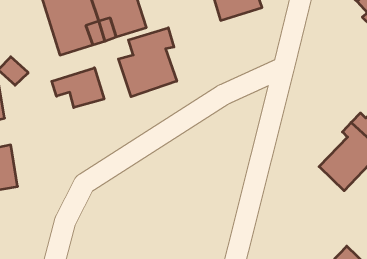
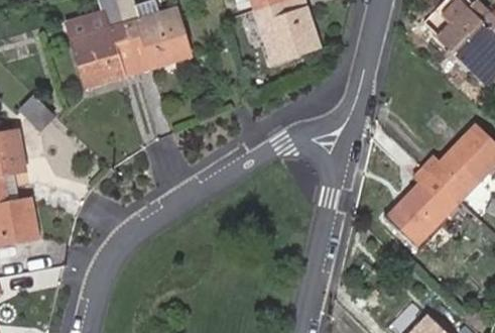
building: [118,28,177,97] -> none
building: [52,68,104,108] -> none

